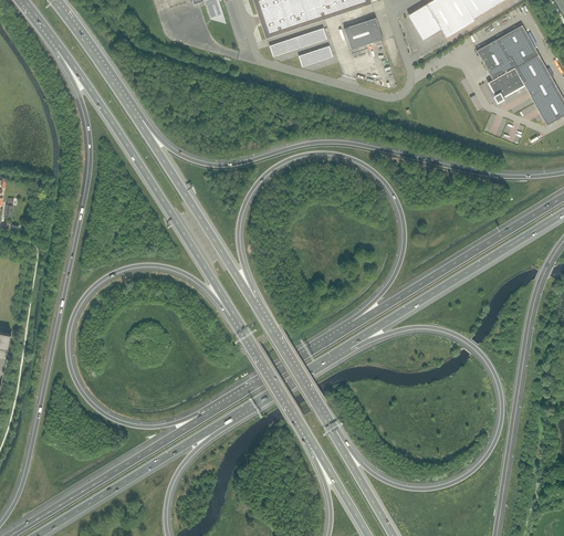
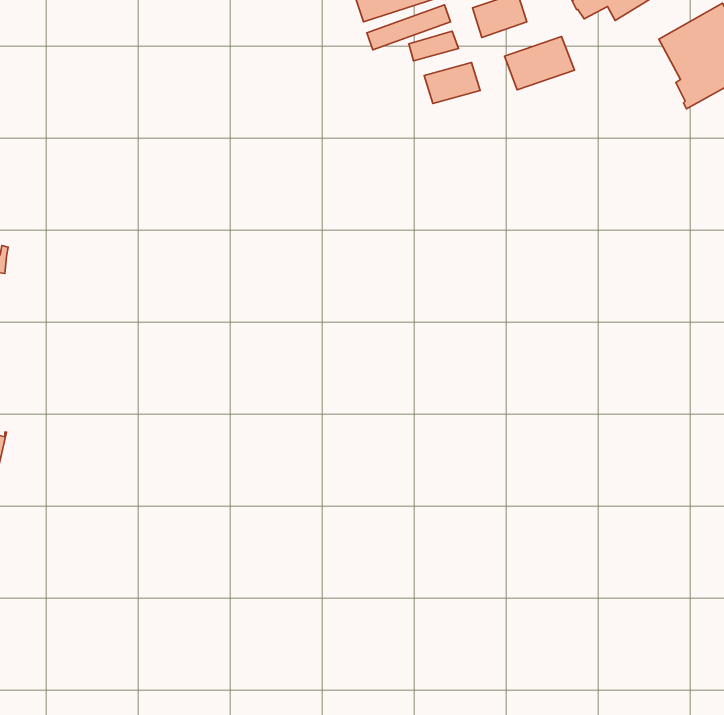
building: none -> [504,36,574,90]
building: none -> [424,63,480,104]

